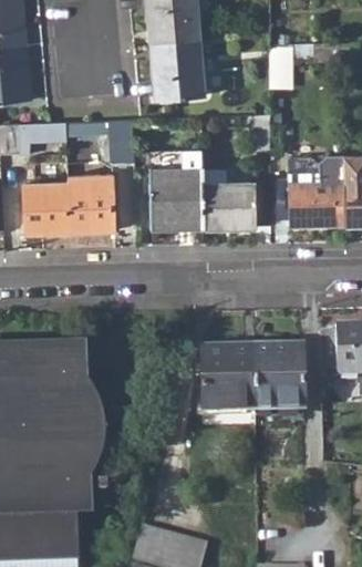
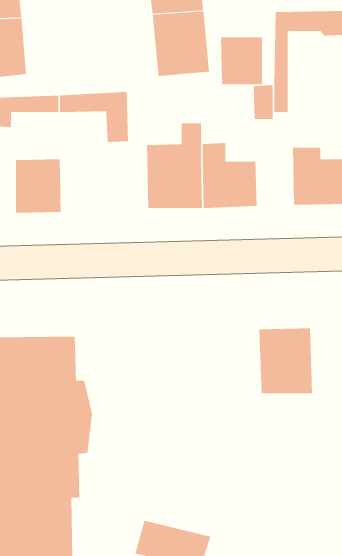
building: none -> [220,37,263,85]
building: [65,177,111,234] -> none
building: [204,346,257,410] -> none

